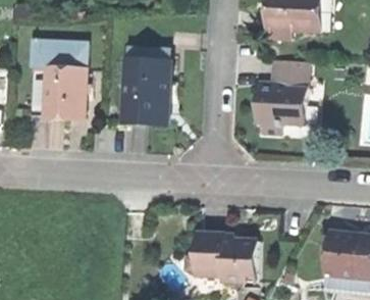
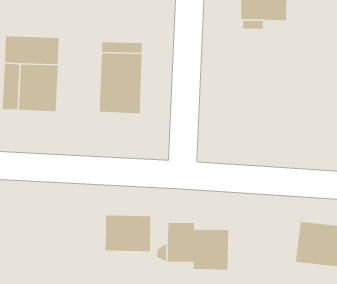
building: [256,60,308,135] -> none
building: none -> [105,214,151,252]

